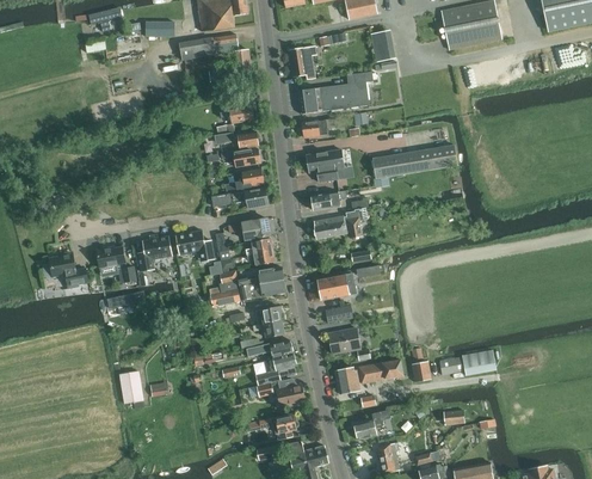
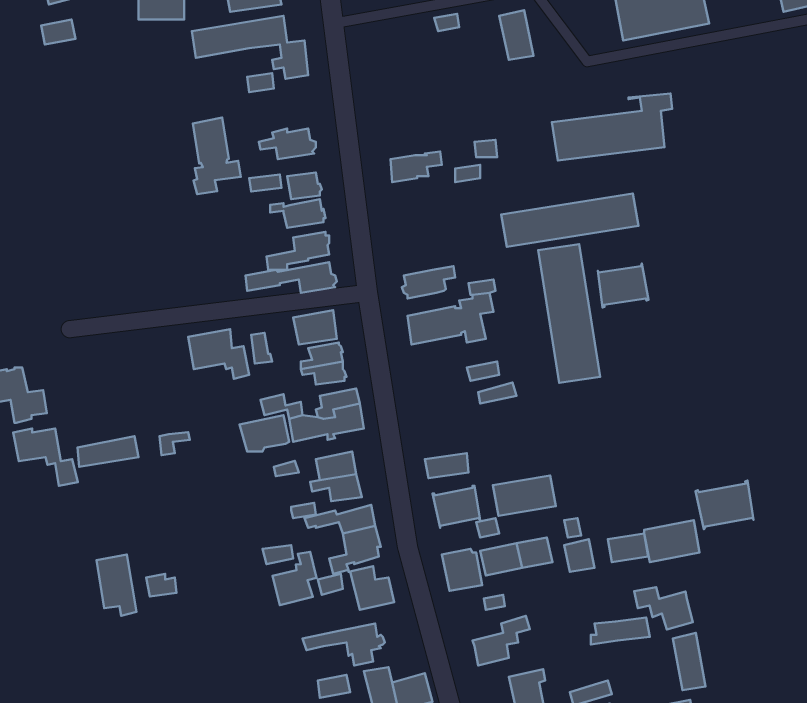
building: [289,45,316,79] -> none
building: [297,72,372,113] -> [552,94,672,160]
building: none -> [193,117,241,194]
building: [306,149,344,182] -> none
building: none -> [538,244,600,383]
building: none -> [598,264,649,308]
building: [136,235,172,271] -> none
building: [95,246,136,282] -> [13,429,78,486]
building: [316,274,356,299] -> [493,476,556,516]
building: none -> [696,481,754,529]
building: none -> [272,552,316,605]
building: none -> [634,587,693,629]

